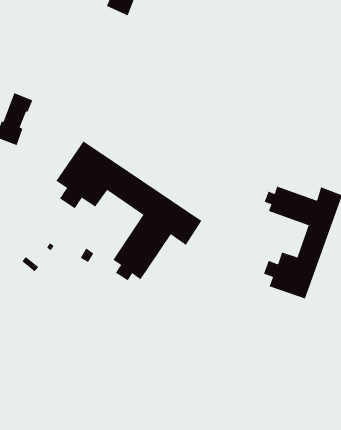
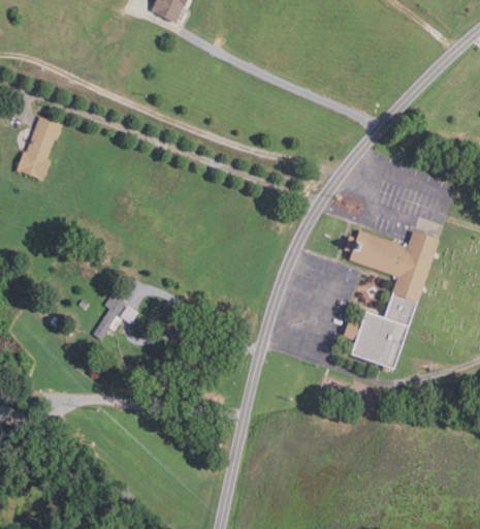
building: [56,140,202,281] -> none
building: none -> [94,293,125,338]

